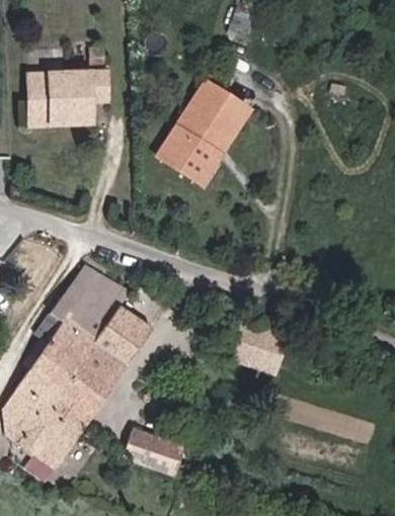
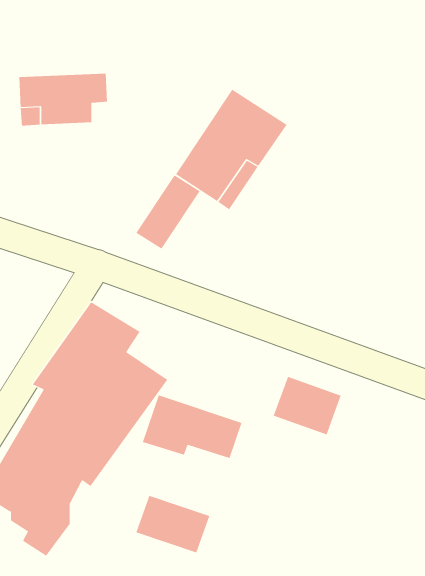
building: none -> [136,175,200,249]
building: none -> [142,395,242,459]

